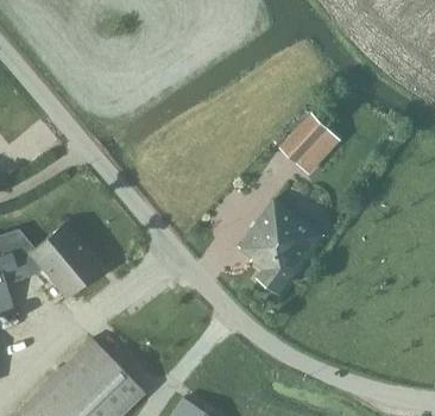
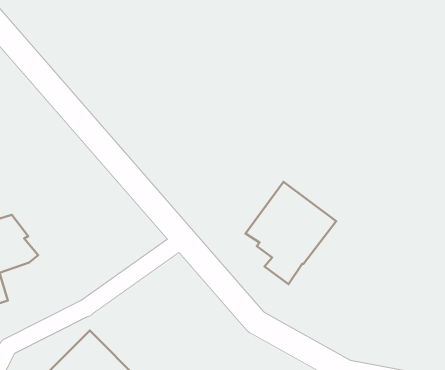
building: [280,114,332,168] -> none
building: [30,225,100,297] -> none

